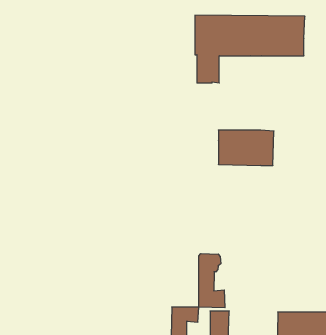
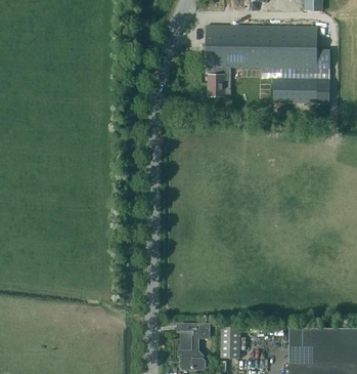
building: [218,130,274,165] -> [273,68,329,103]
building: [199,254,225,308] -> none

